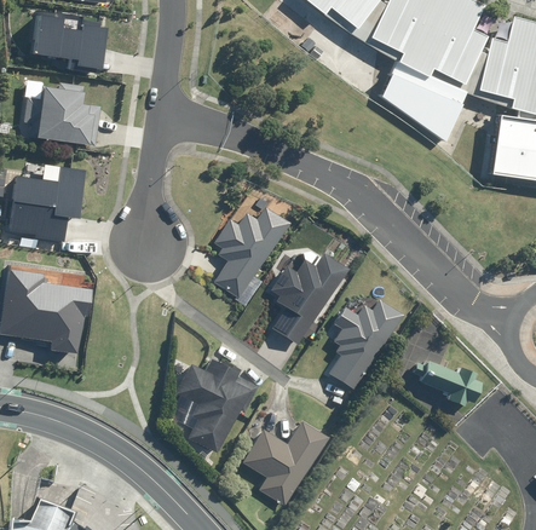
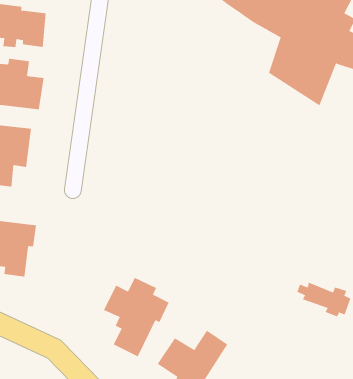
building: [213,195,287,299] -> none
building: [265,250,346,345] -> none
building: [327,295,402,390] -> none

